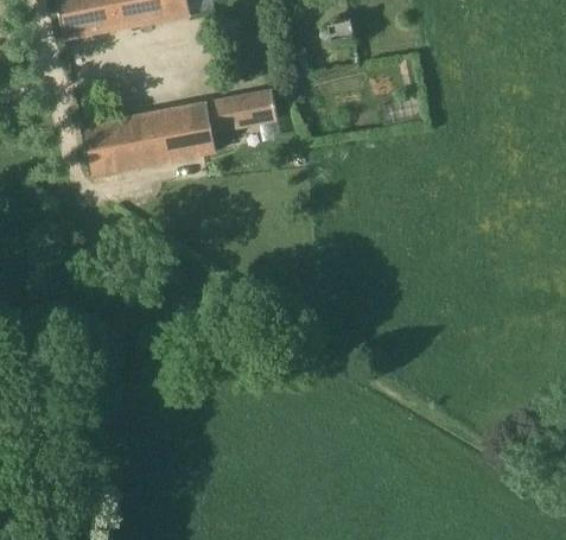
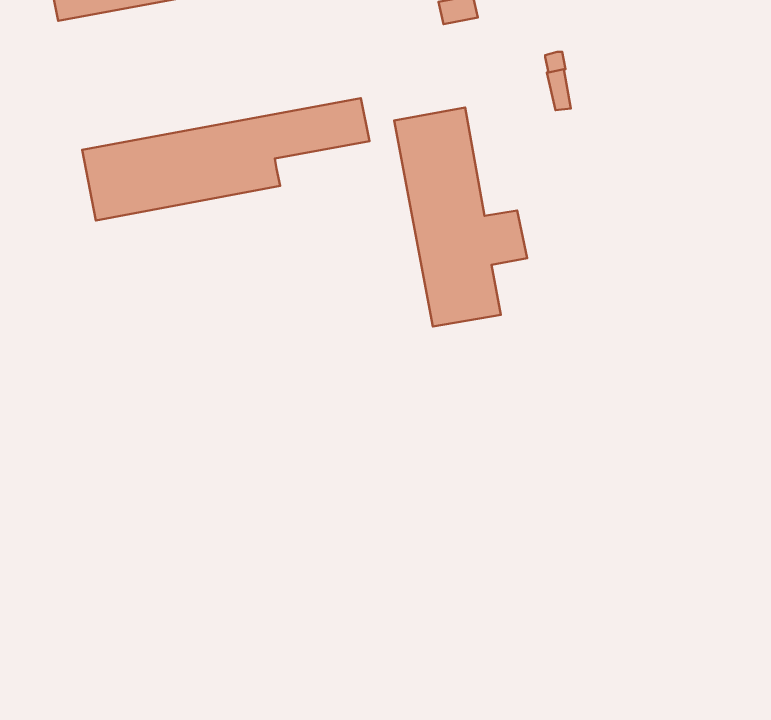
building: none -> [394,108,527,327]

